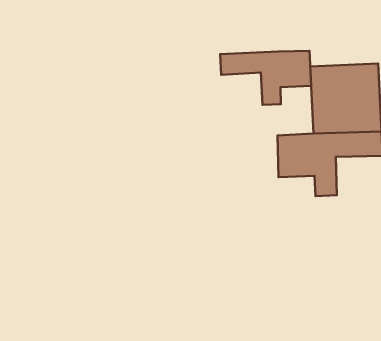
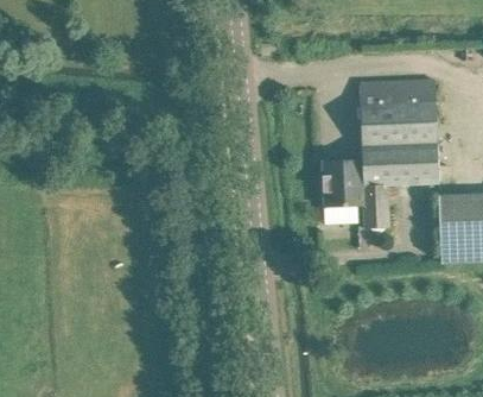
building: [220,51,311,105] -> none

